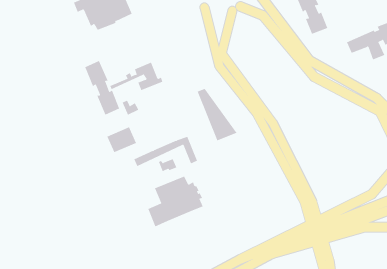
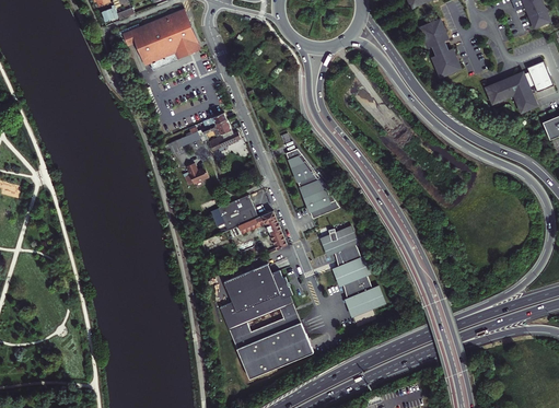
building: [84,60,120,116] -> none
building: [106,127,137,153] -> [218,195,258,230]
building: none -> [321,224,386,316]
building: none -> [230,304,314,378]

